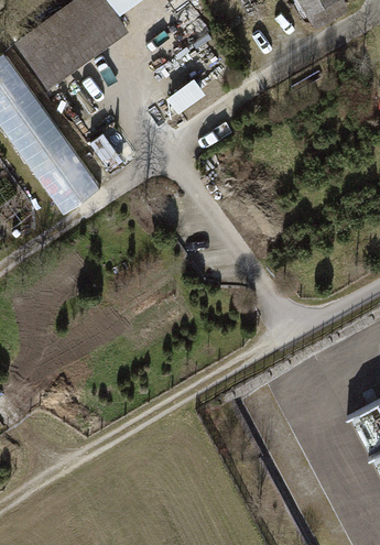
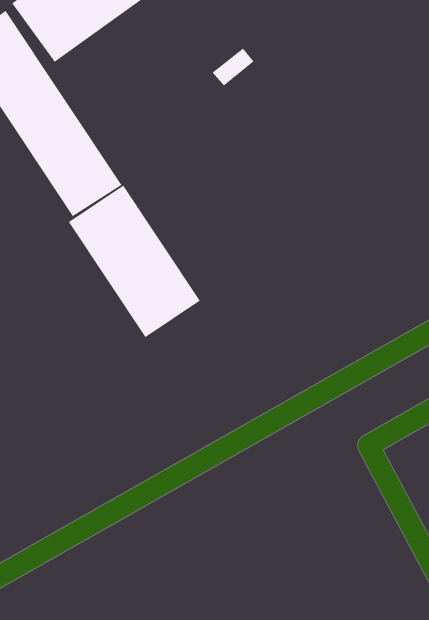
building: none -> [68,185,201,338]

